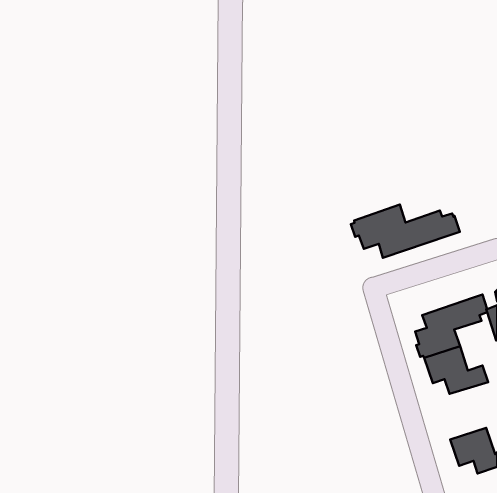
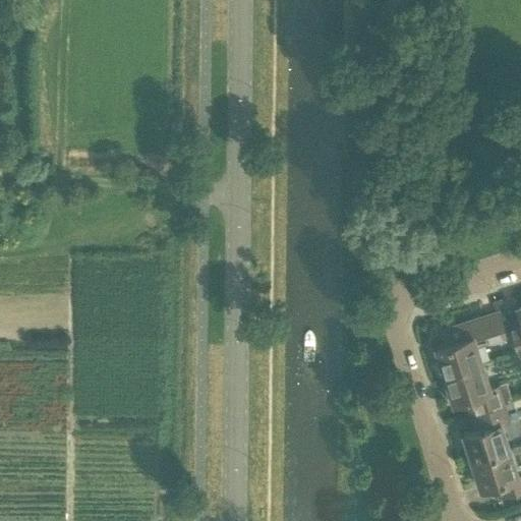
building: [351,204,460,258] -> none
building: none -> [463,404,516,464]

